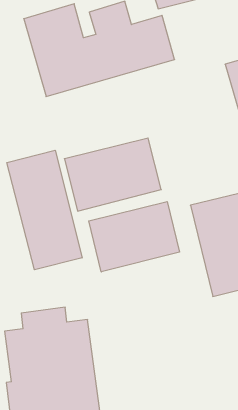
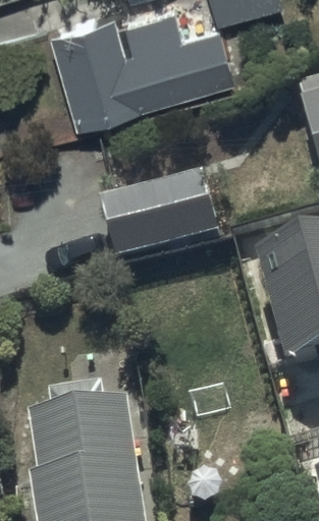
building: [7,150,82,270] -> none
building: [89,202,179,272] -> none

